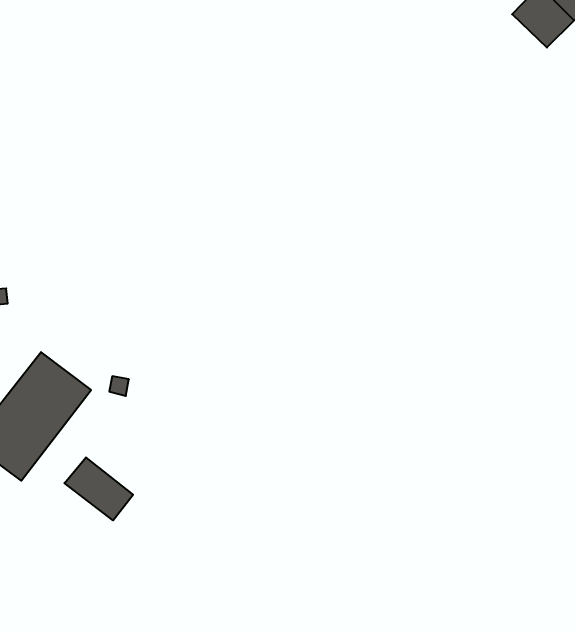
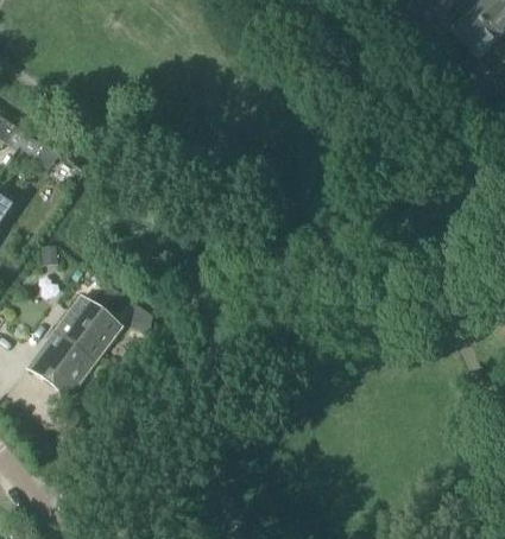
building: [64,457,133,520] -> none

